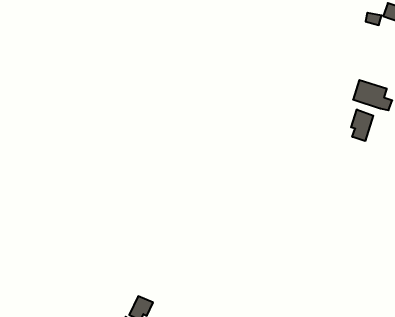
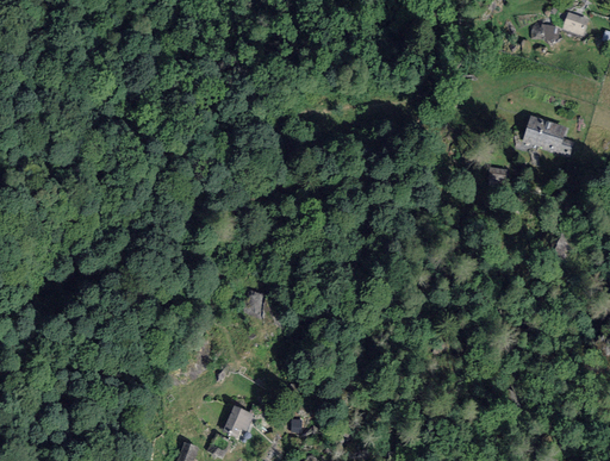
building: [351,109,373,141] -> none

